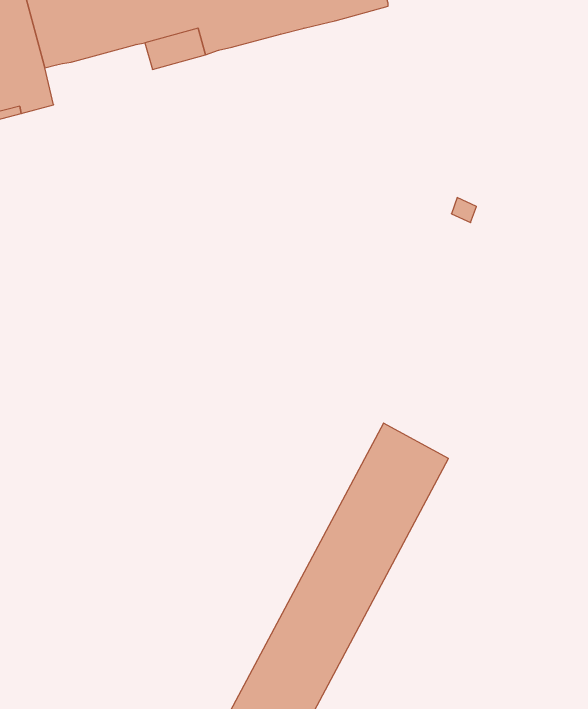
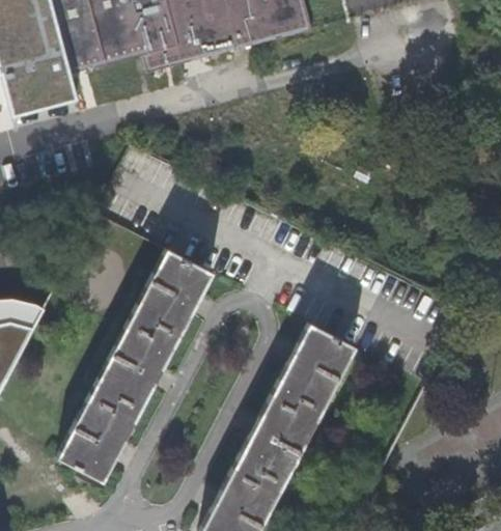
building: none -> [58,249,213,482]

